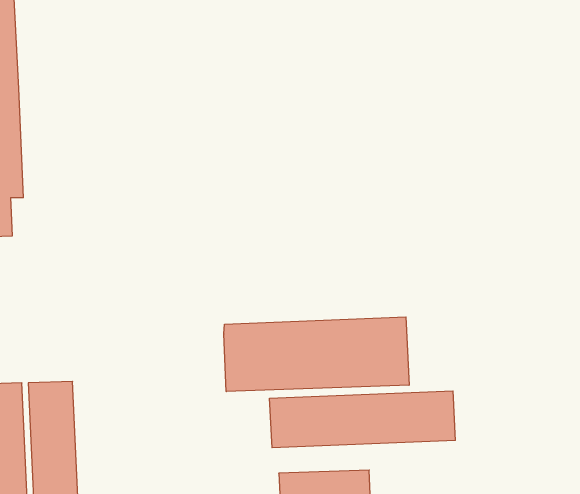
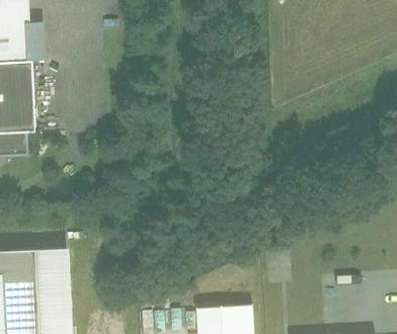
building: [224,317,409,392] -> none
building: [270,391,455,448] -> none

